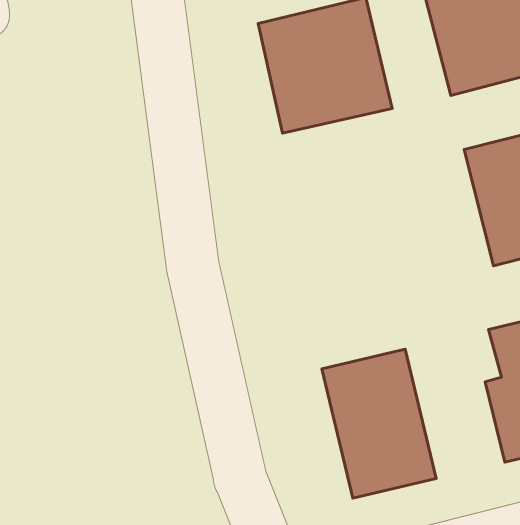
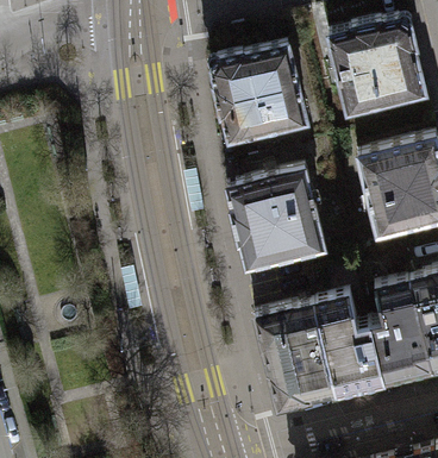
building: none -> [224,164,321,264]
building: none -> [314,288,387,390]

